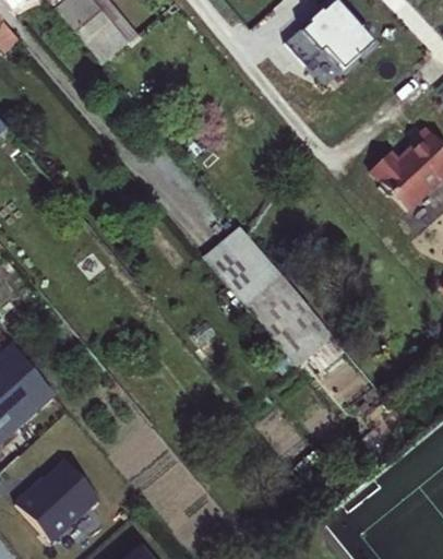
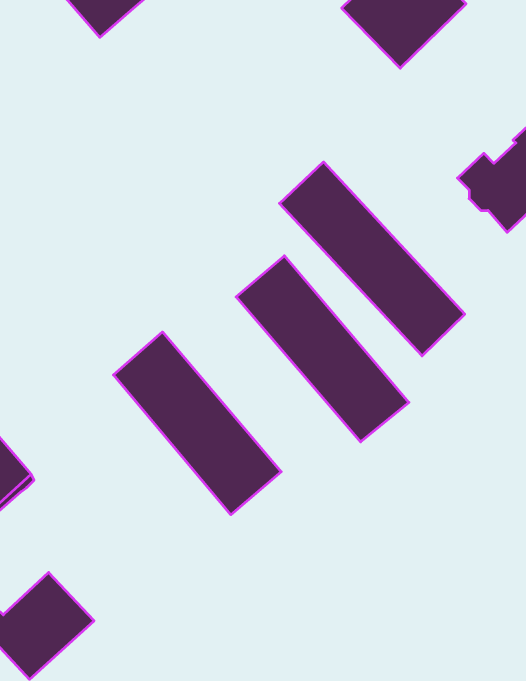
building: none -> [279,162,465,356]
building: none -> [113,332,281,515]

